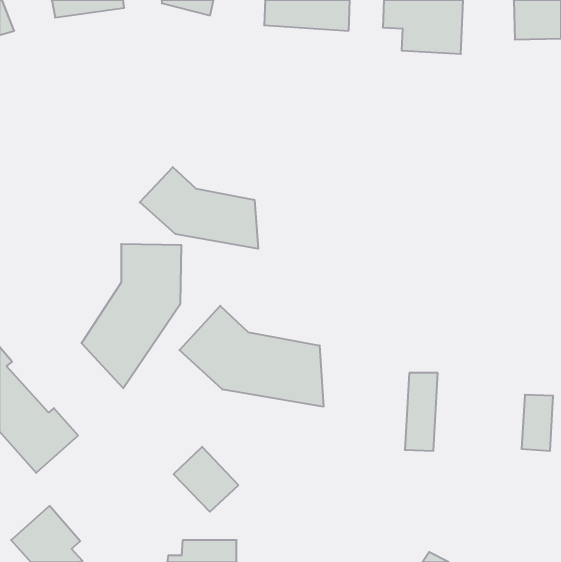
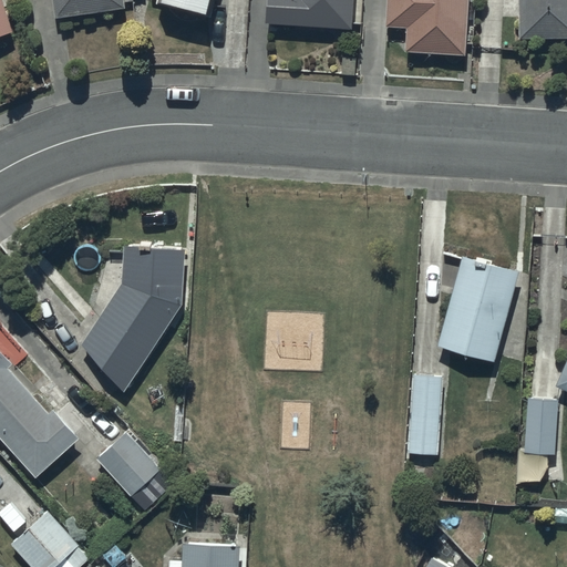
building: [140,167,258,249] -> none
building: none -> [439,257,519,361]
building: [179,306,323,407] -> none
building: [174,447,238,512] -> [95,432,161,497]

